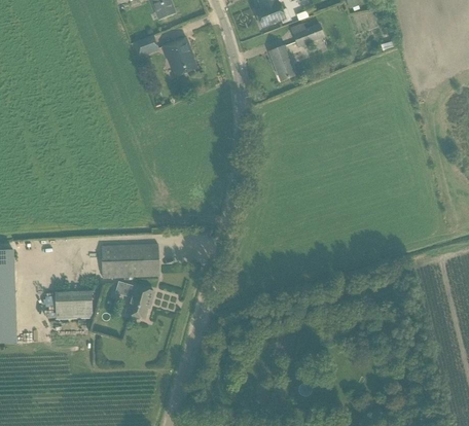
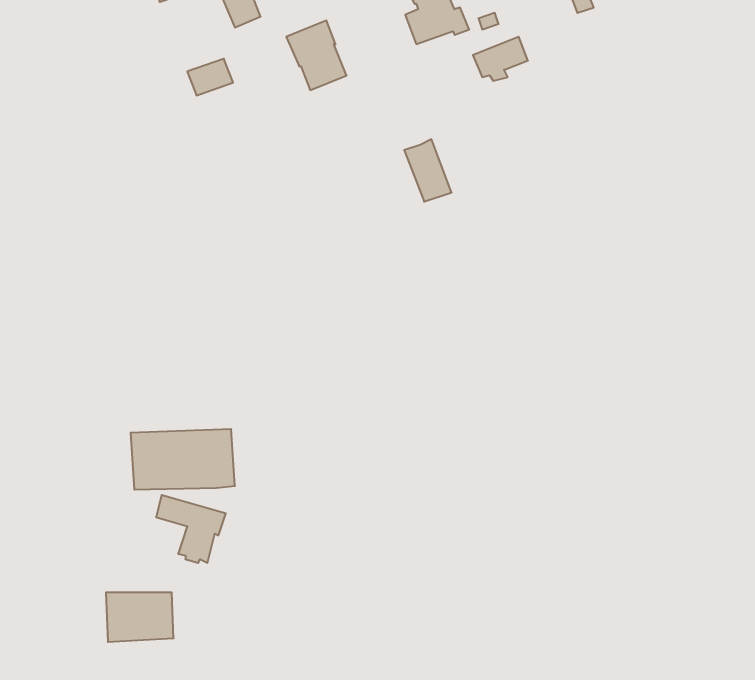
building: [163,37,196,76] -> [286,20,347,90]
building: [269,45,296,80] -> [404,139,452,202]
building: [55,291,93,319] -> [106,592,174,642]

